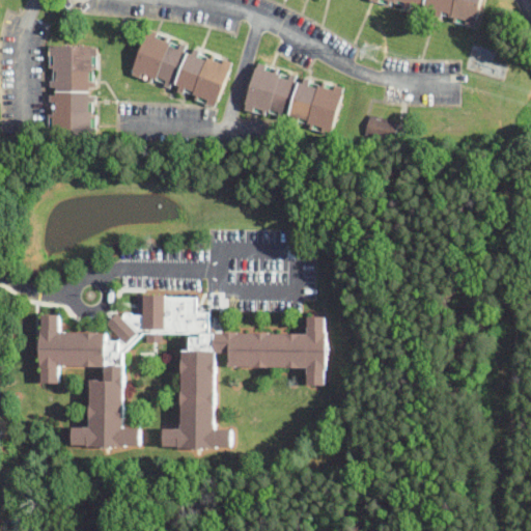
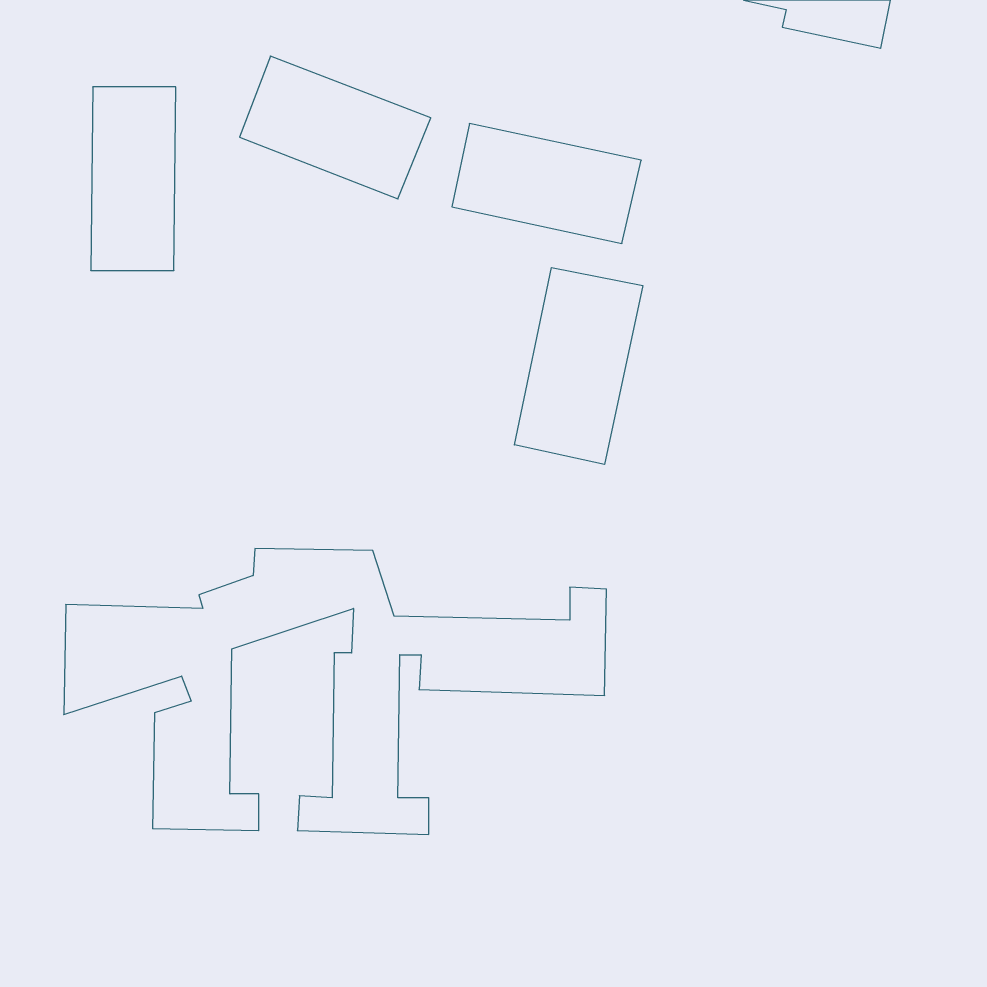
building: [364,114,396,138] -> none
building: none -> [514,268,643,464]

